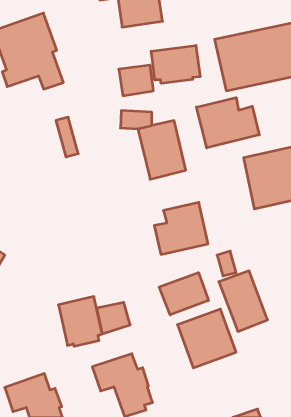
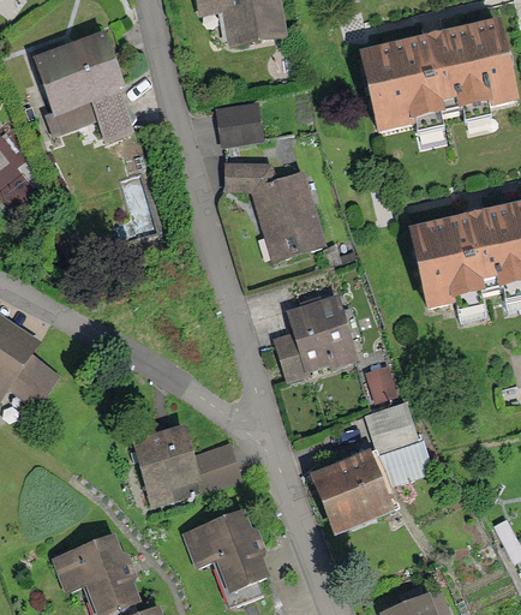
building: [151,45,200,83] -> none
building: [196,98,259,148] -> none
building: [159,273,208,315] -> none

